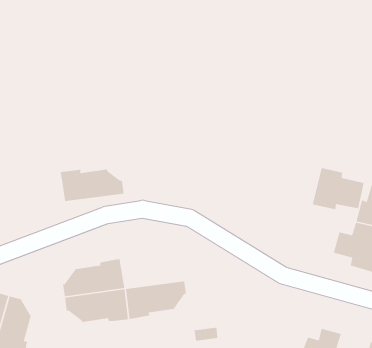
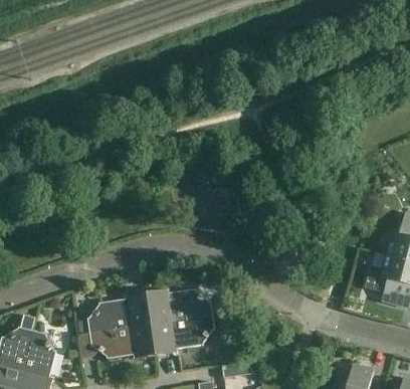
building: [312,167,364,210] -> none
building: [60,169,124,202] -> [146,289,212,324]

